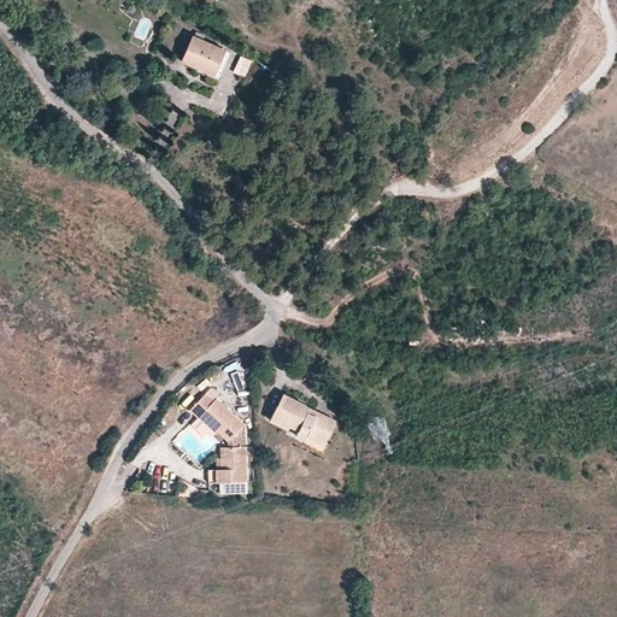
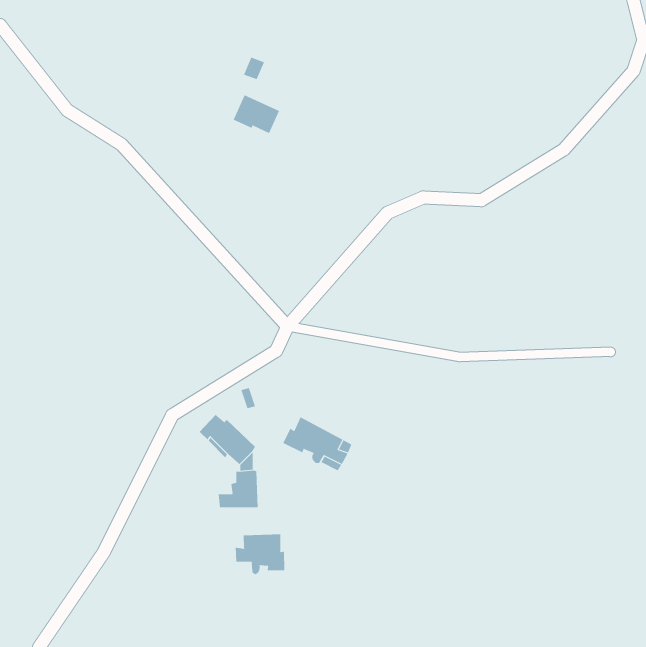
building: [182,36,227,74] -> [233,94,280,134]
building: none -> [235,534,285,575]

